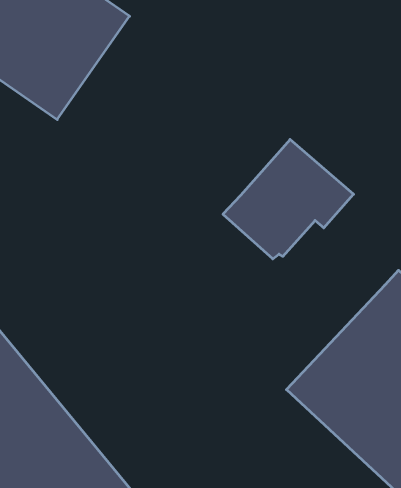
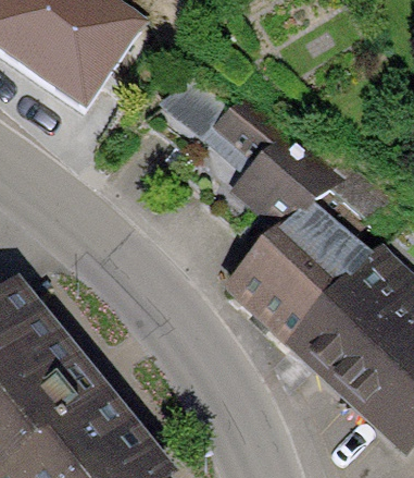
building: none -> [162,70,288,175]
building: none -> [222,197,371,345]

